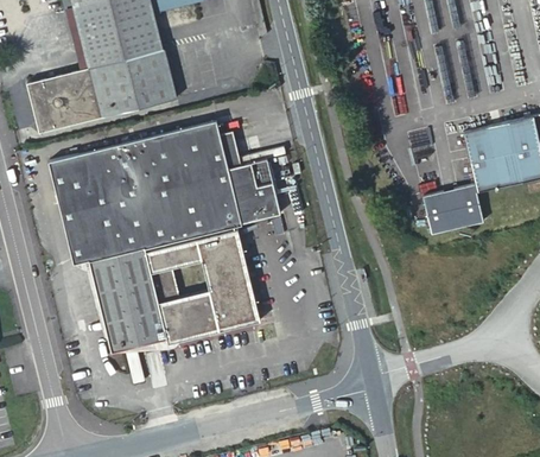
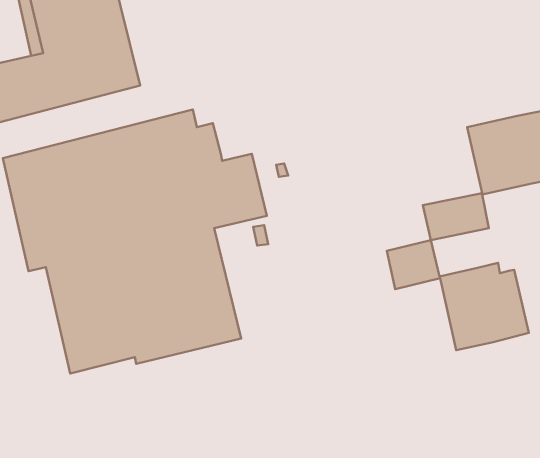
building: none -> [387,240,529,350]

